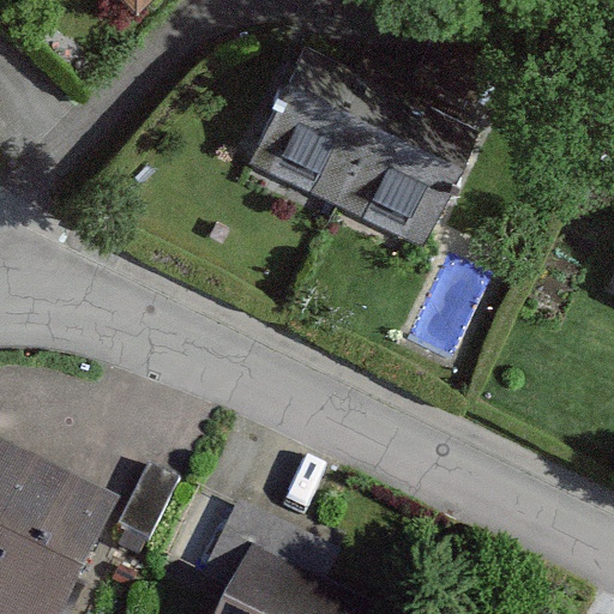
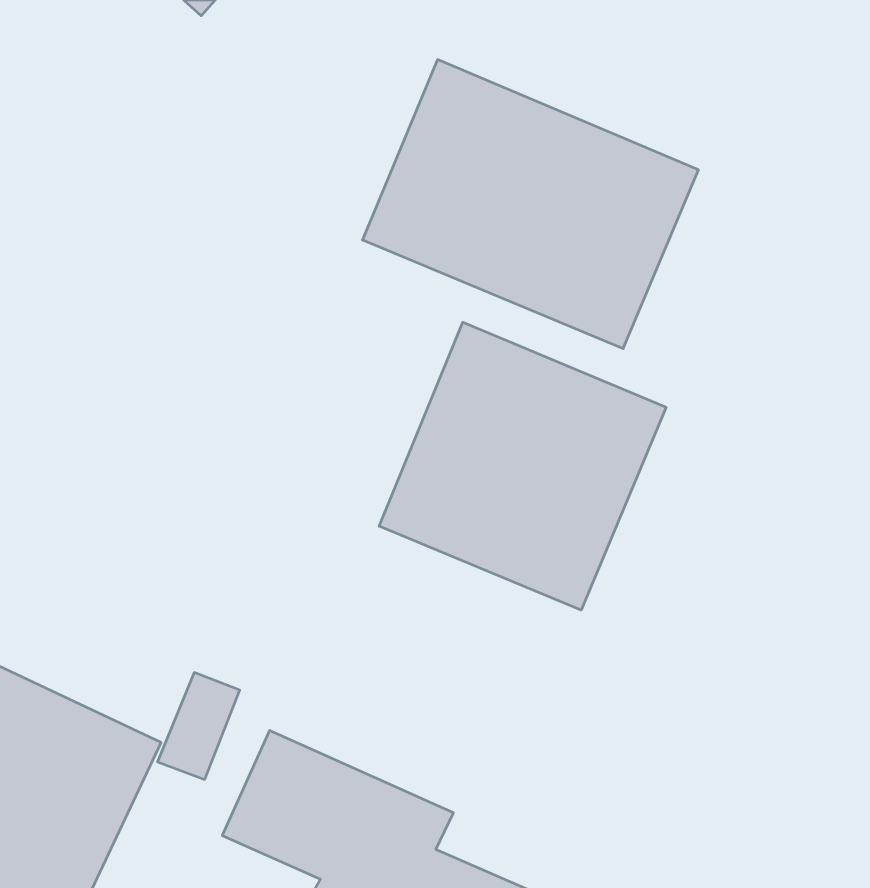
building: none -> [379,322,666,610]

